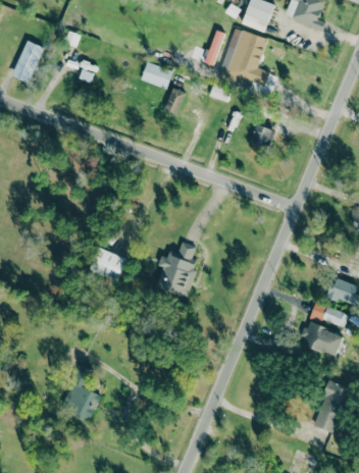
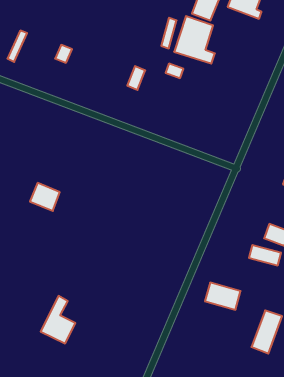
building: [141,62,173,89] -> none
building: [250,124,275,150] -> none
building: [156,243,199,299] -> none
building: [91,248,126,281] -> [30,183,60,211]
building: [301,323,344,356] -> [205,283,241,310]

